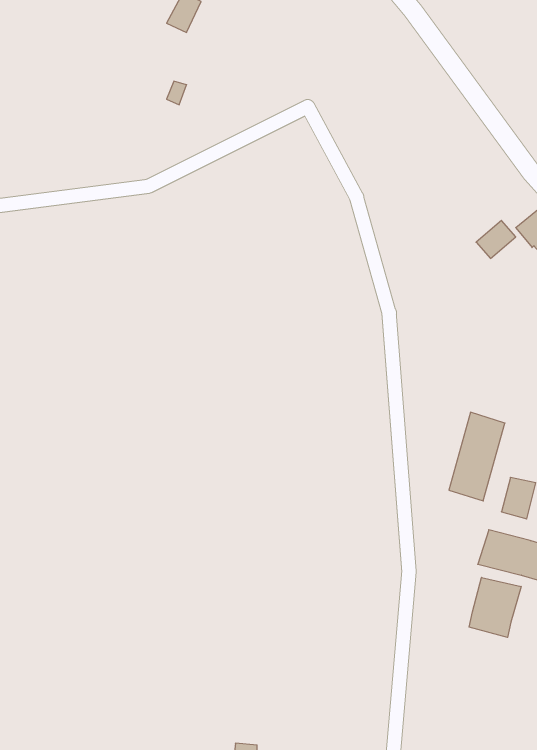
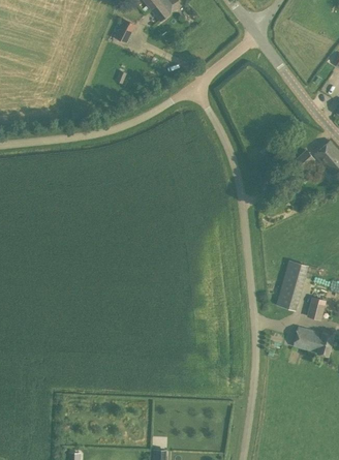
building: [469,577,521,637] -> none

